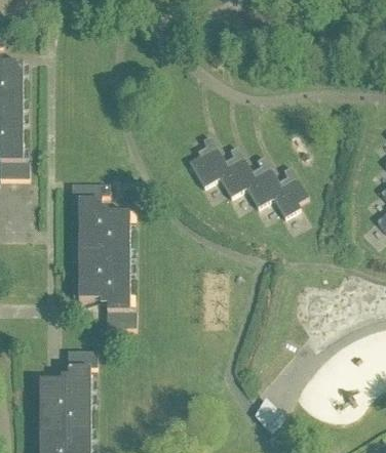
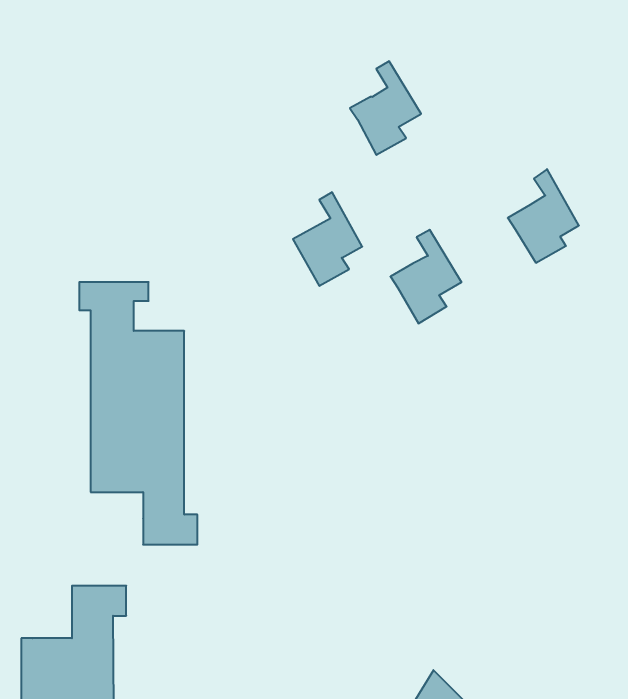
building: [216,145,255,196] -> [350,61,421,155]
building: [269,164,308,215] -> [508,169,579,263]

